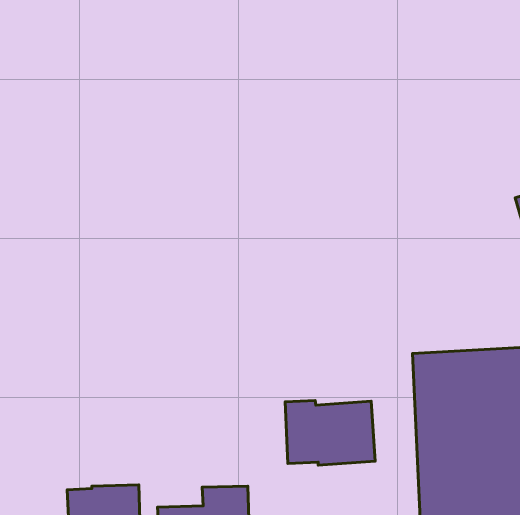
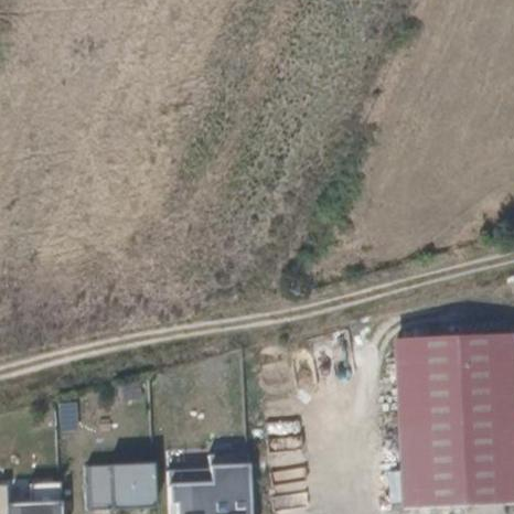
building: [285,400,375,465] -> none

